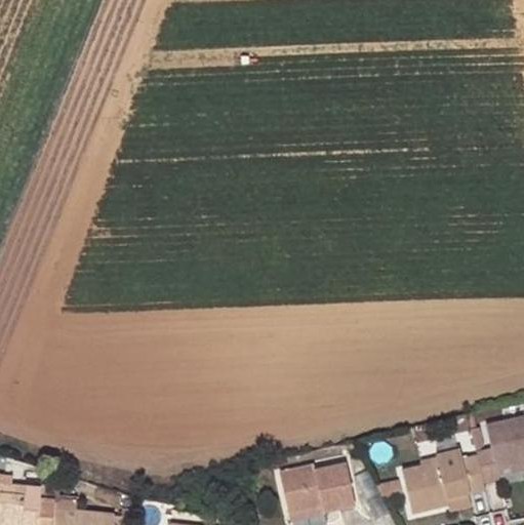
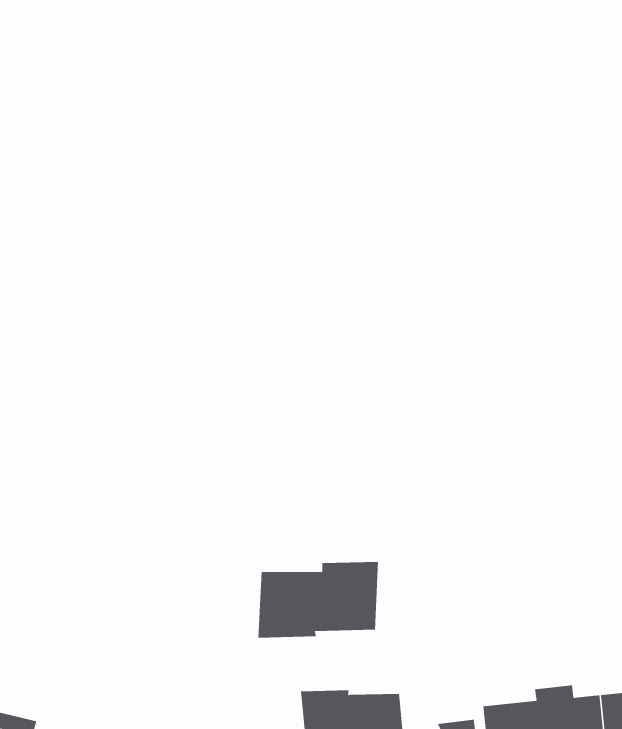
building: none -> [258,561,378,638]

